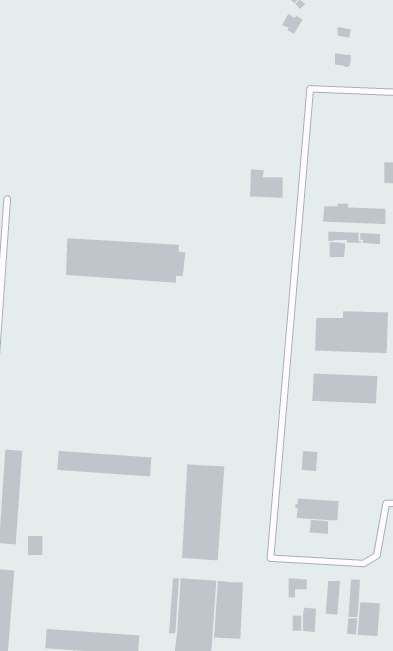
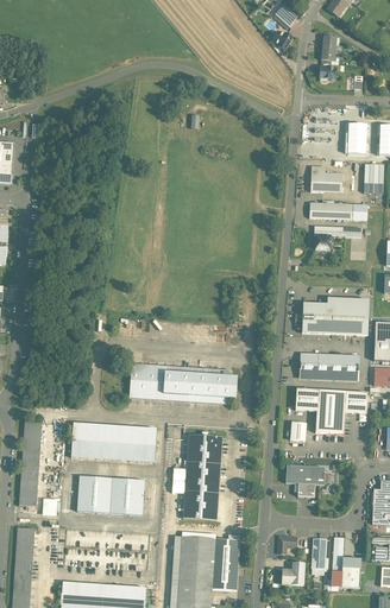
building: none -> [347,124,366,154]
building: [249,169,284,198] -> [310,166,341,192]
building: [65,238,186,283] -> [130,363,238,404]
building: none -> [295,388,367,433]
building: none -> [70,439,156,462]
building: none -> [76,475,144,514]

